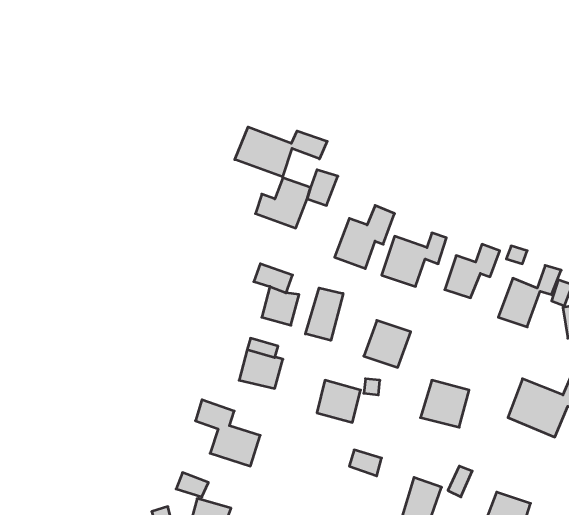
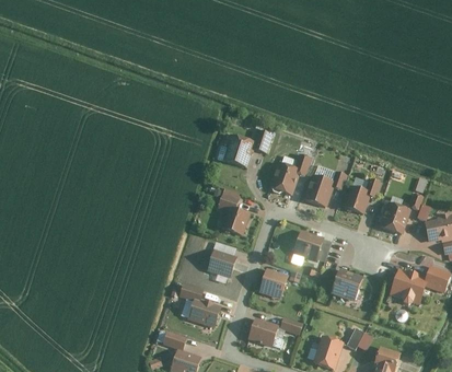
building: [235,127,327,177] -> none
building: [305,288,343,340] -> none
building: none -> [246,316,279,347]

